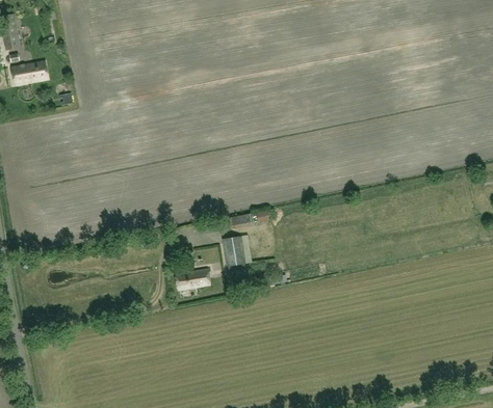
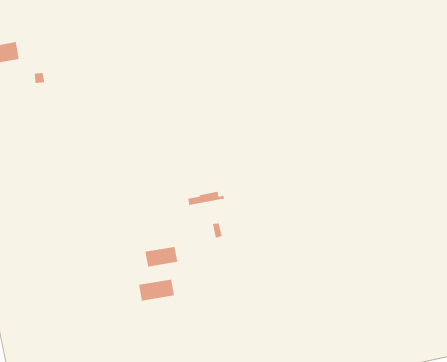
building: [222,236,244,265] -> none
building: none -> [139,279,174,301]

